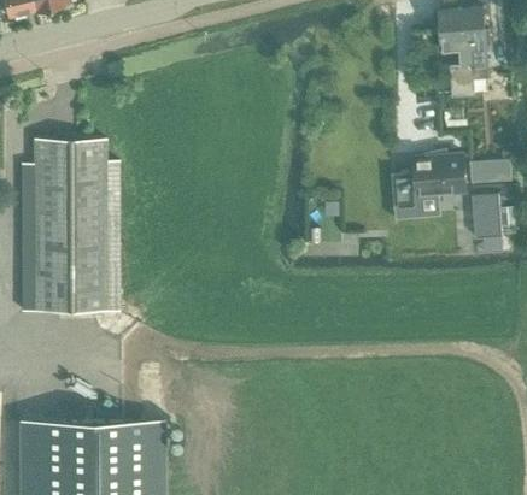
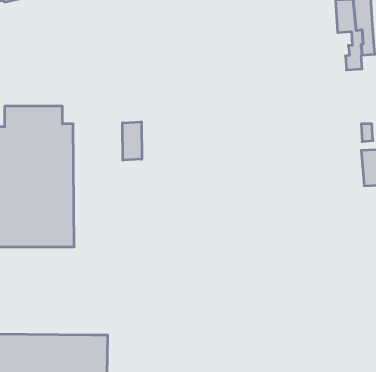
building: [392,149,465,212] -> none
building: none -> [123,122,142,160]

